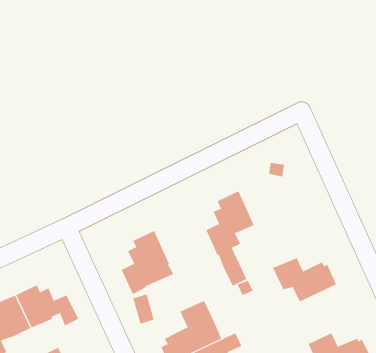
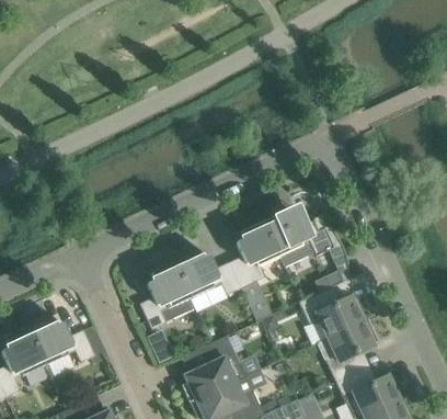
building: none -> [263,211,348,282]
building: none -> [174,251,240,298]
building: none -> [317,319,376,382]

